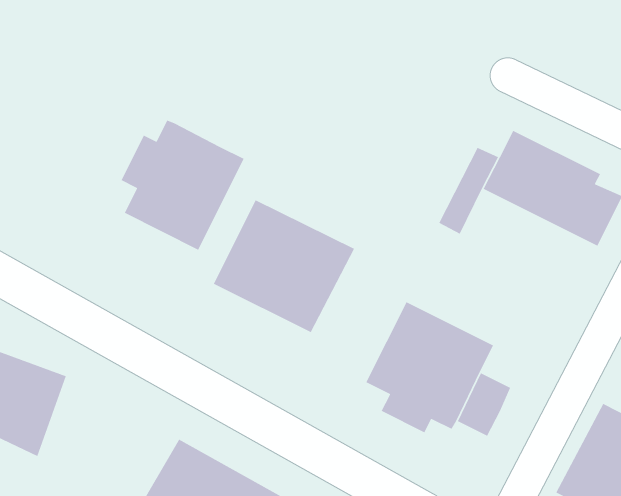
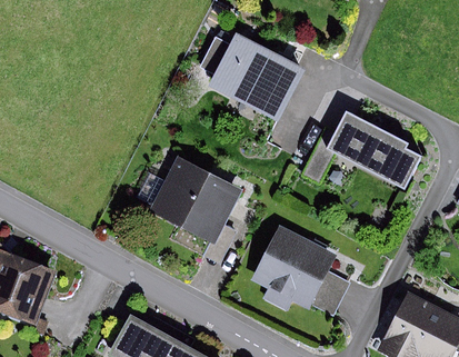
building: none -> [201,32,306,121]
building: [121,120,245,251] -> none

